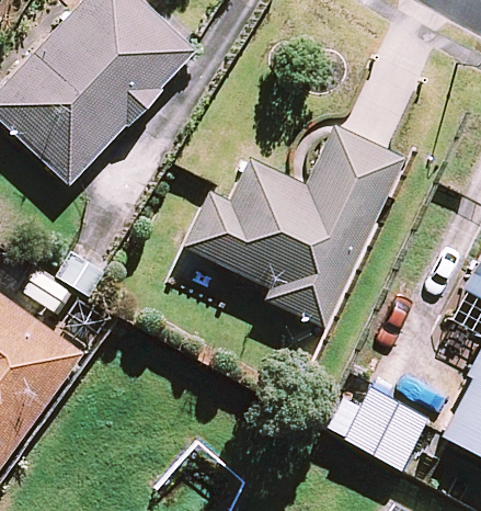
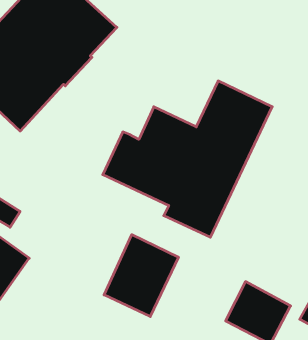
building: none -> [104,235,178,317]

